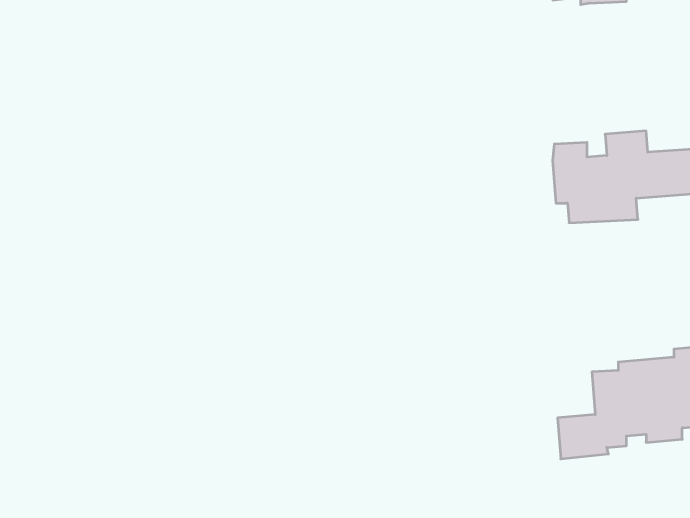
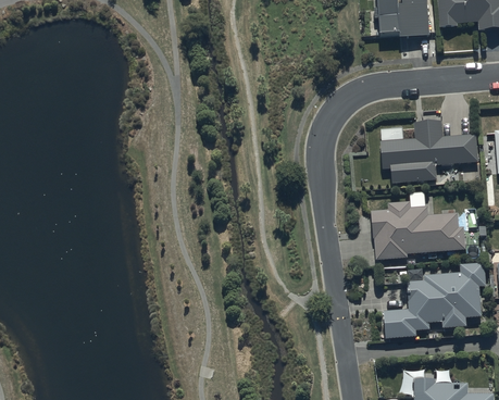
building: none -> [371,202,465,259]

